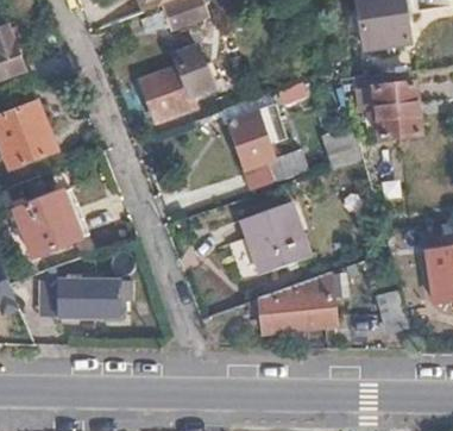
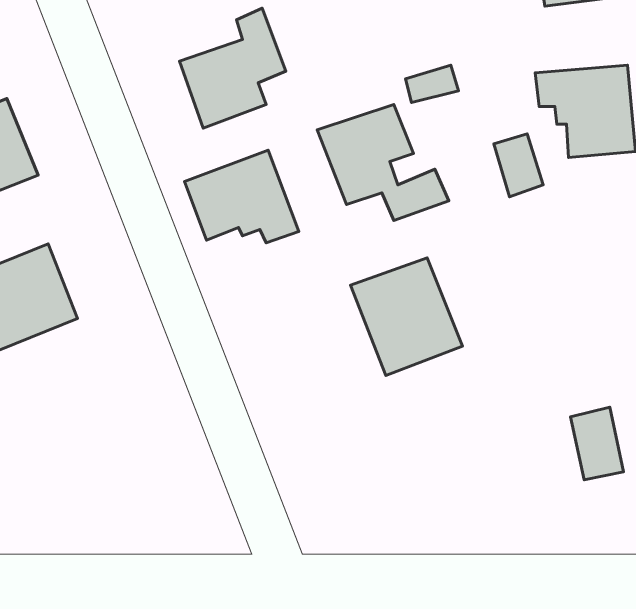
building: none -> [185,150,299,243]
building: [260,270,336,329] -> none
building: [42,280,134,316] -> none

